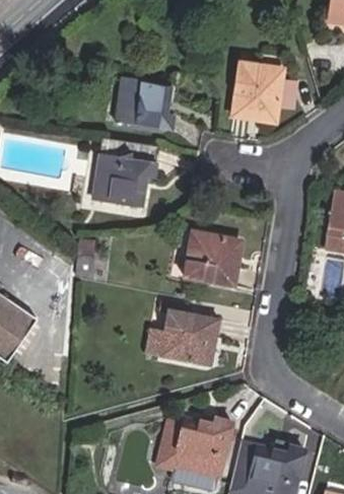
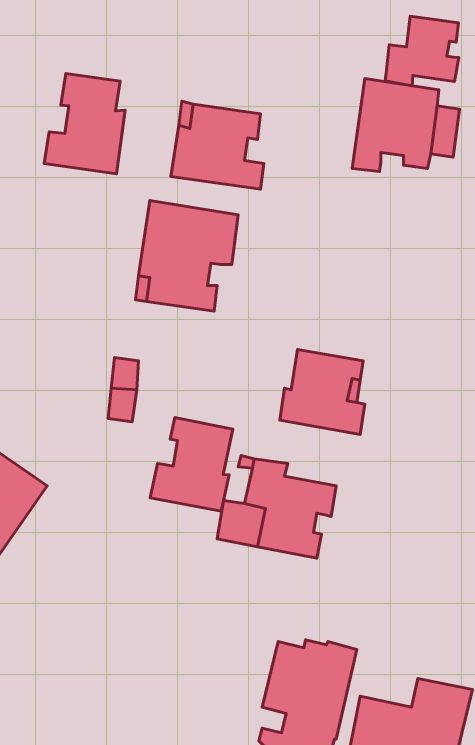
building: none -> [385,16,459,86]
building: none -> [44,73,125,174]
building: none -> [150,417,233,511]
building: [154,414,189,476] -> none

